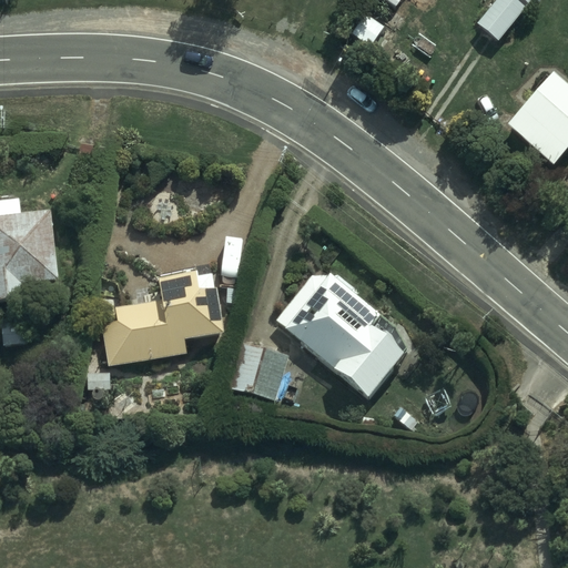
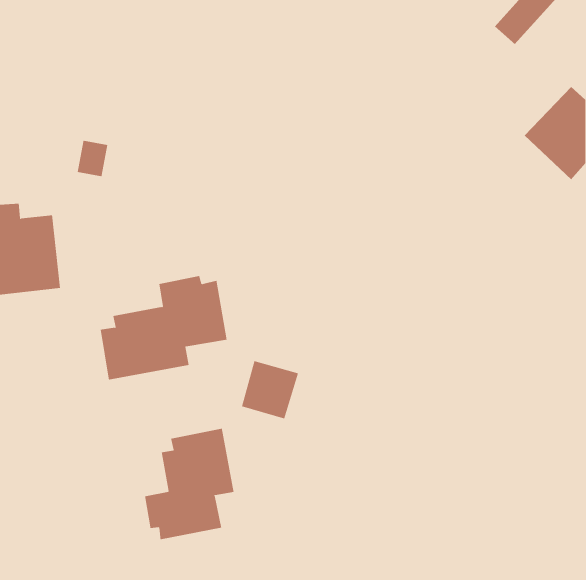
building: [274,273,408,396] -> none
building: none -> [145,428,234,540]

